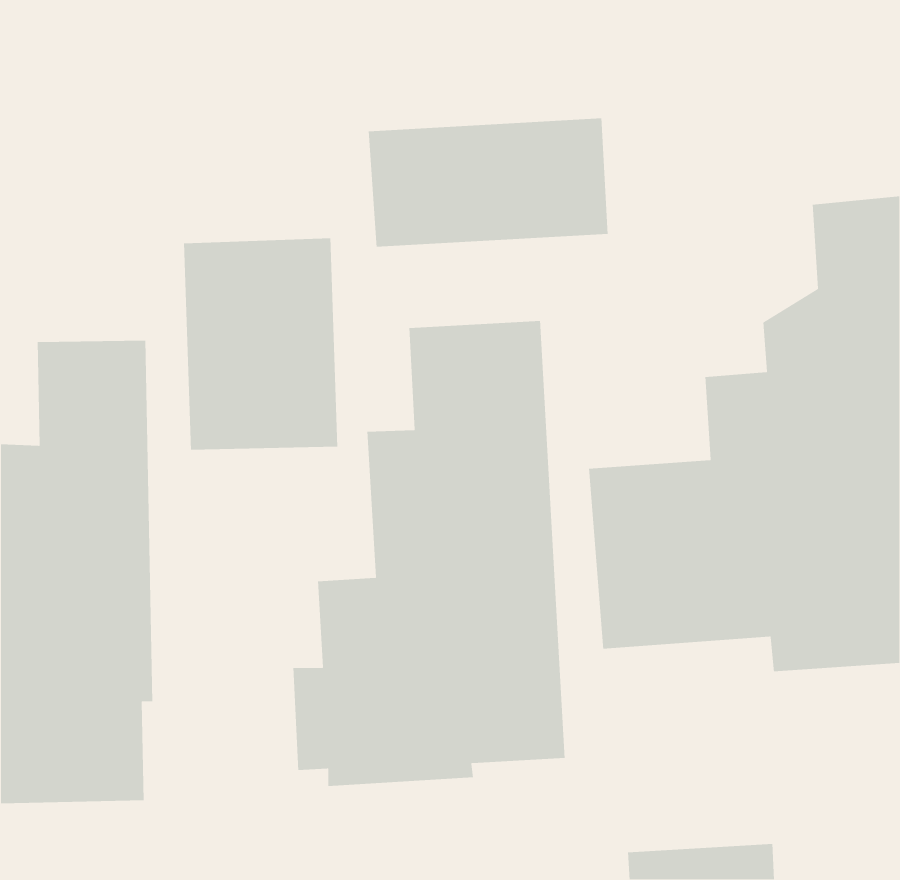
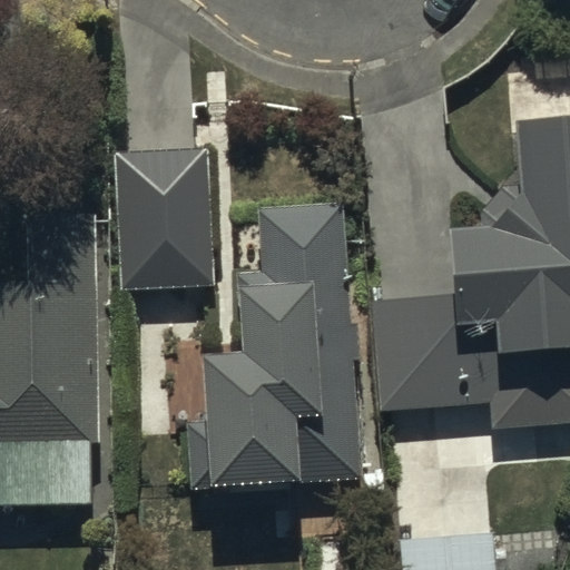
building: [368,118,608,248] -> none

